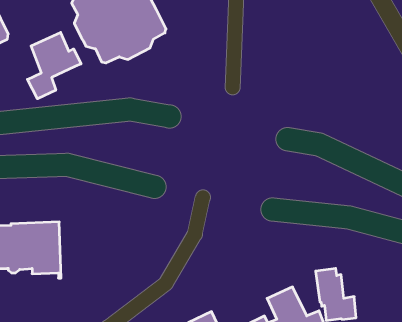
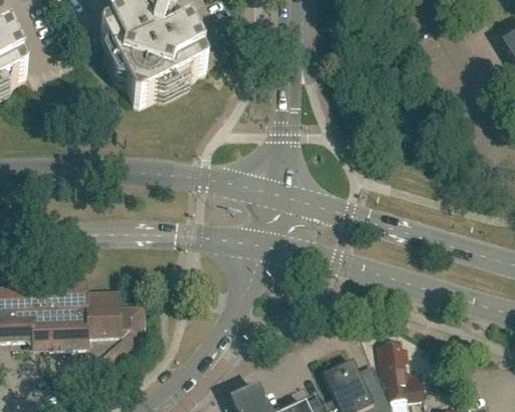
building: [27,32,81,99] -> none
building: none -> [83,283,143,377]

